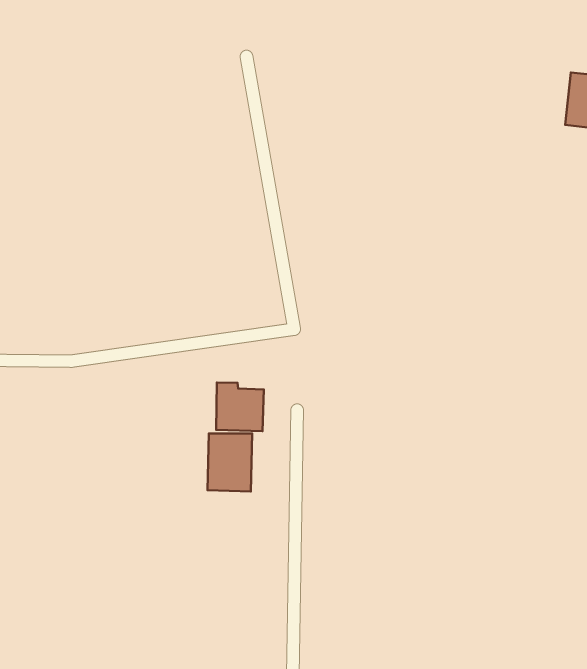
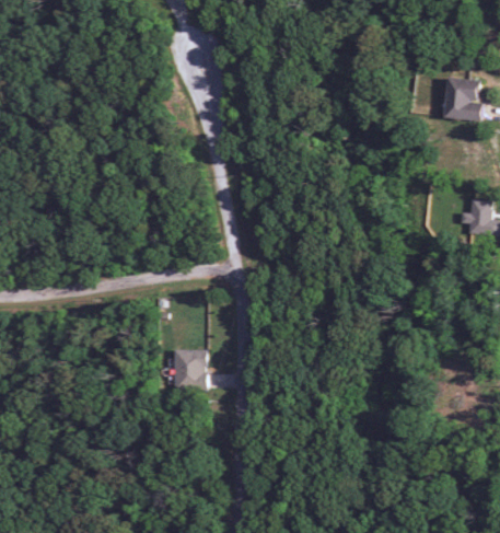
building: [216,382,264,431] -> none

